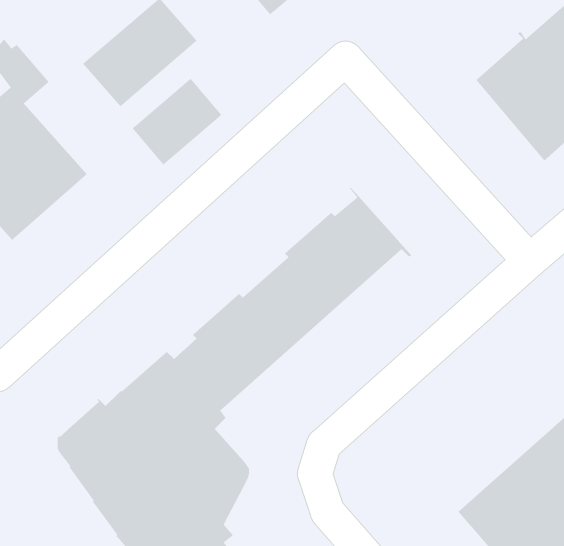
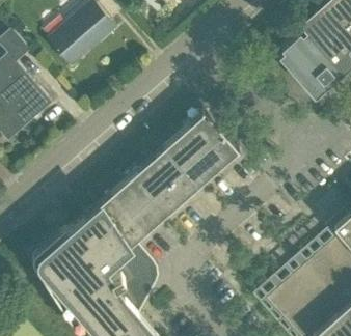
building: [132,78,222,166] -> none

